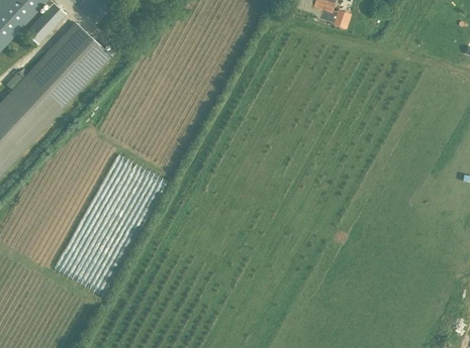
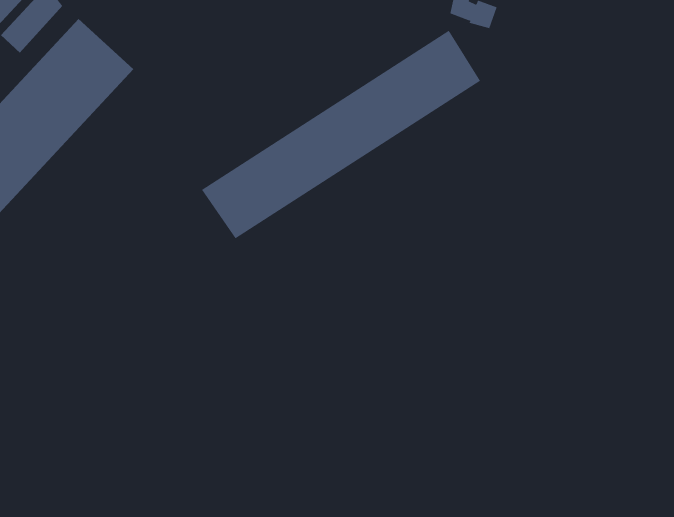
building: none -> [201,30,481,239]

